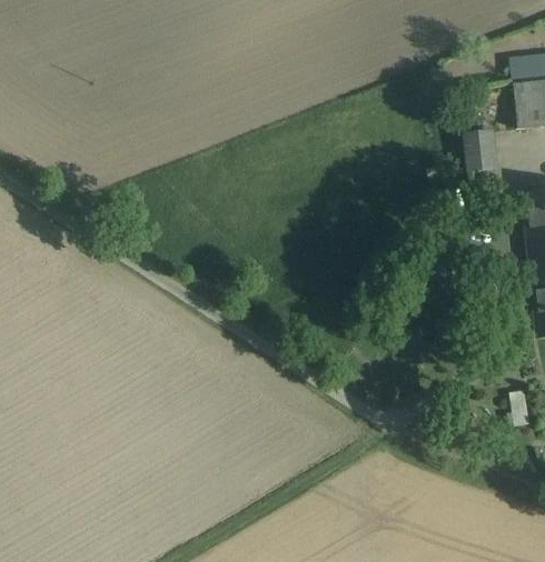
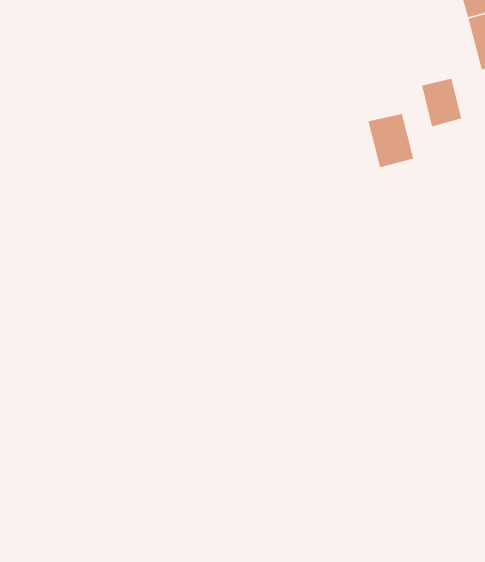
building: none -> [368,113,414,168]

